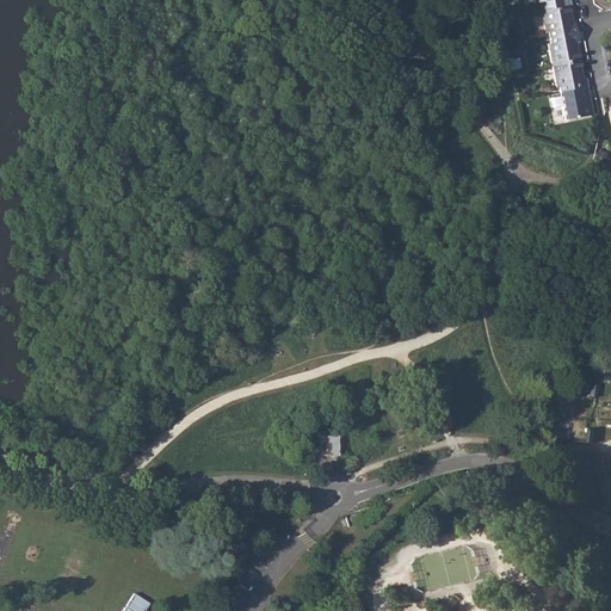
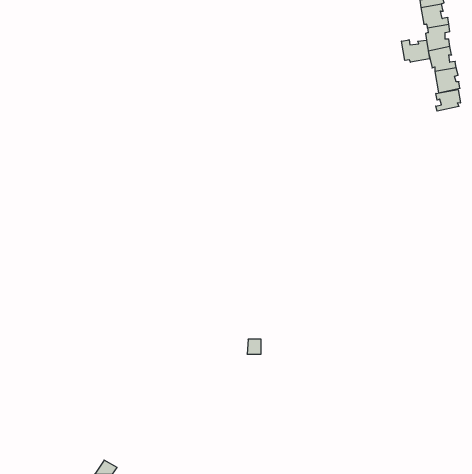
building: none -> [402,40,430,62]
building: none -> [436,90,460,111]

